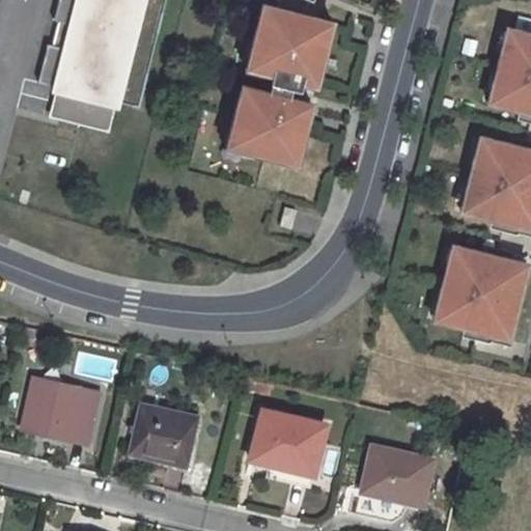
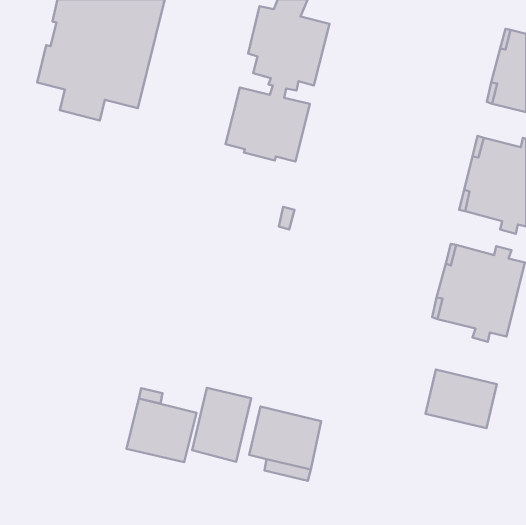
building: [21,376,99,443] -> none
building: none -> [192,388,251,462]
building: [362,445,434,504] -> [426,370,497,428]

